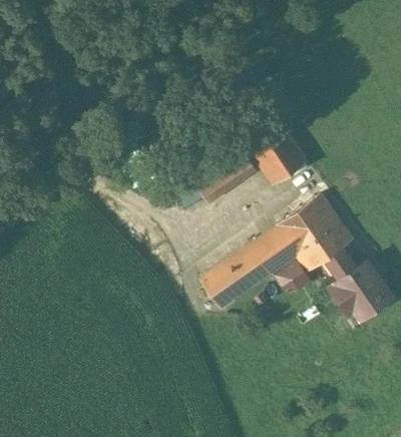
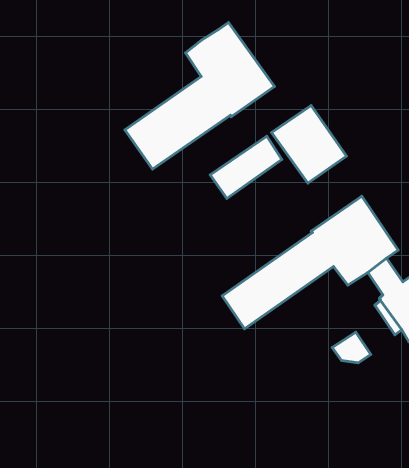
building: none -> [125,23,275,169]
building: [277,264,310,290] -> [332,332,371,363]

